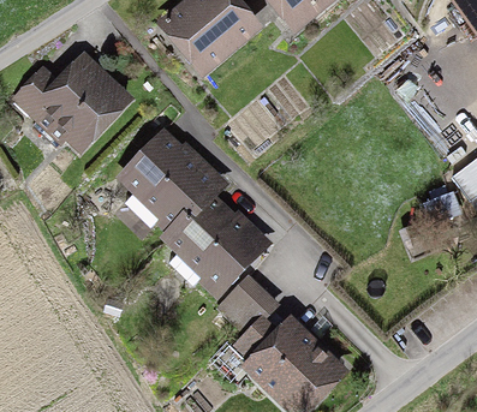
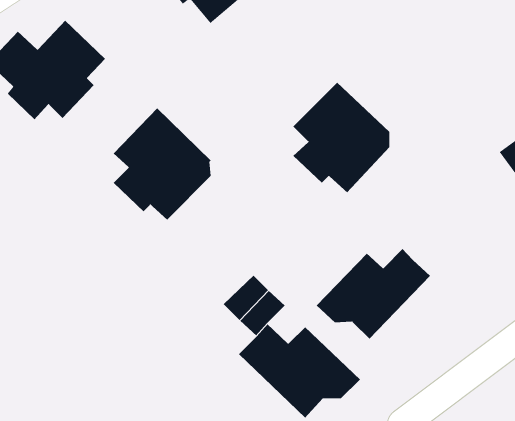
building: [171,196,255,292] -> [293,82,390,193]
building: none -> [316,248,431,340]

